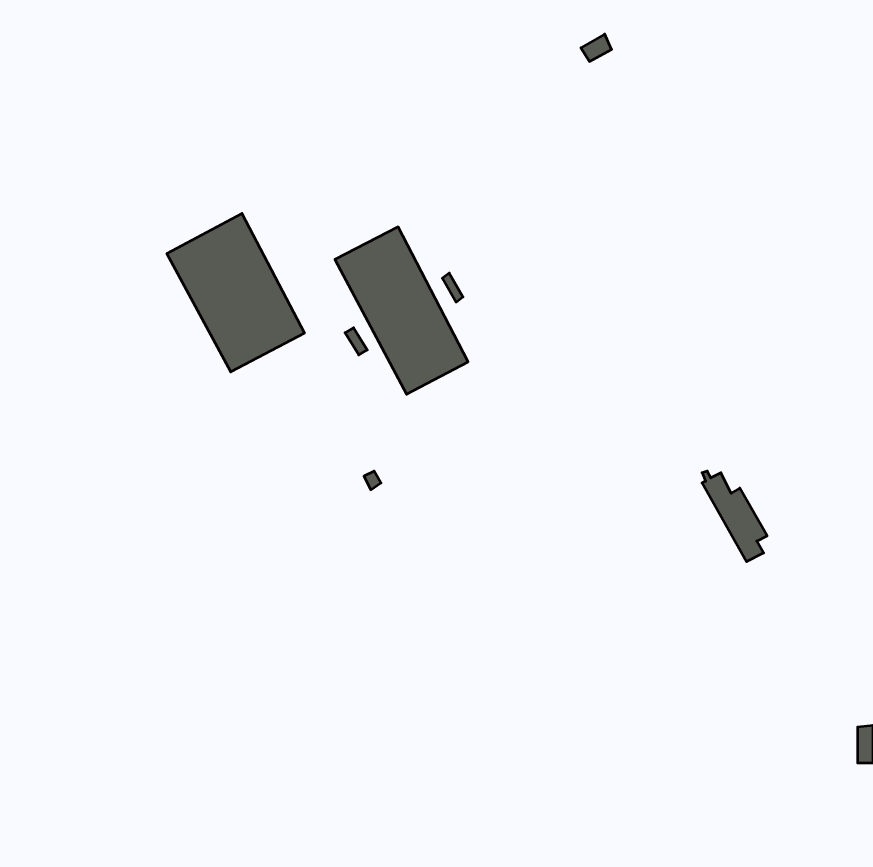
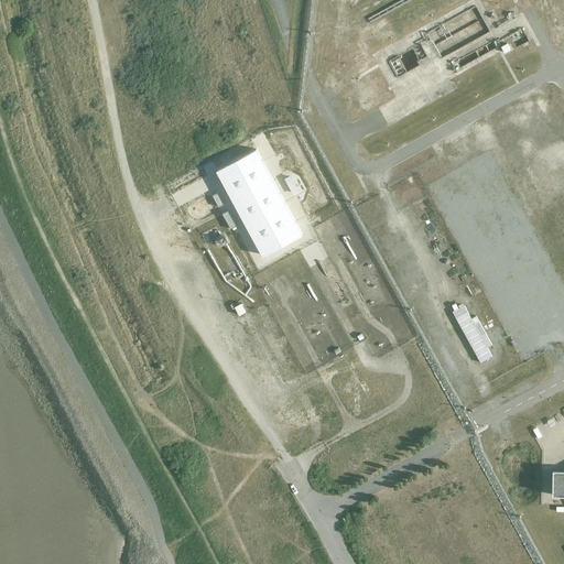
building: [167,213,304,372] -> none

